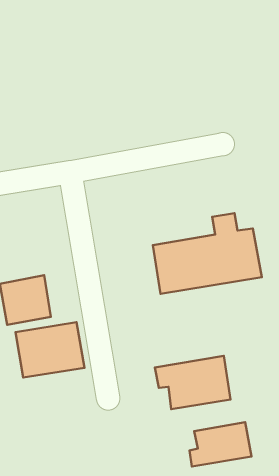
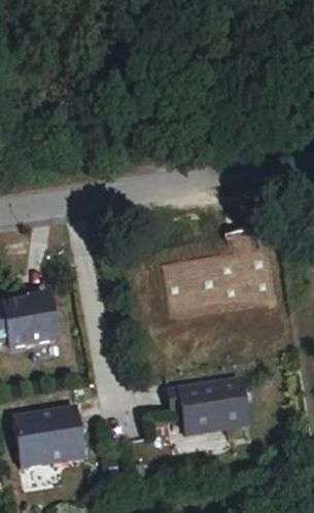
building: [15,322,84,378] -> [12,408,85,467]
building: [190,422,252,467] -> none

